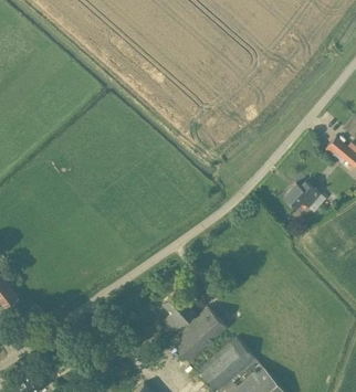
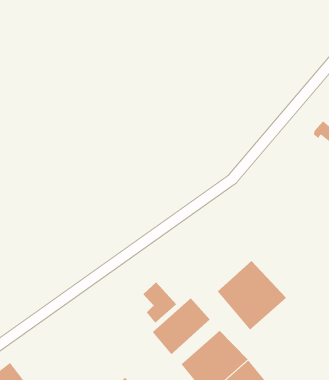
building: [284,182,320,209] -> none
building: none -> [217,260,287,331]

